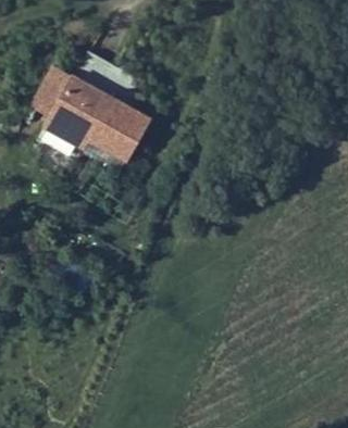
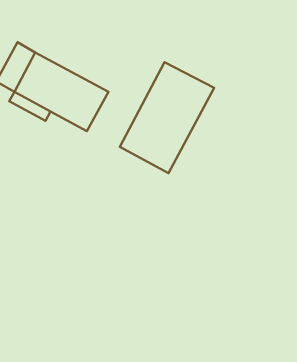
building: none -> [120,62,214,173]

